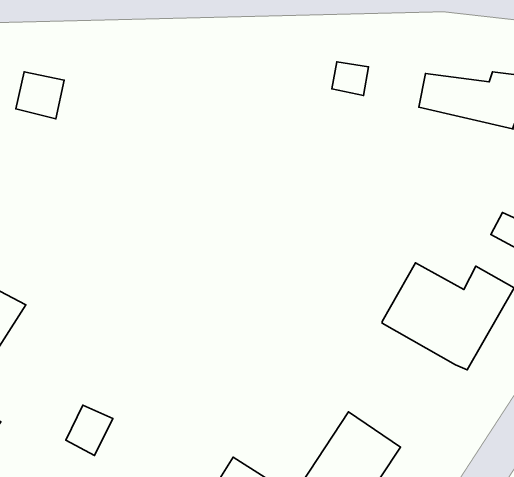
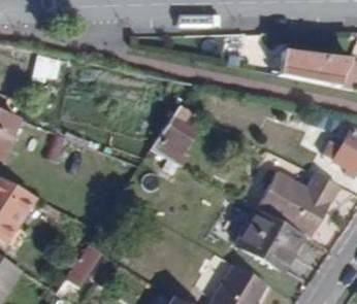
building: none -> [152,105,197,165]
building: none -> [237,208,302,269]

